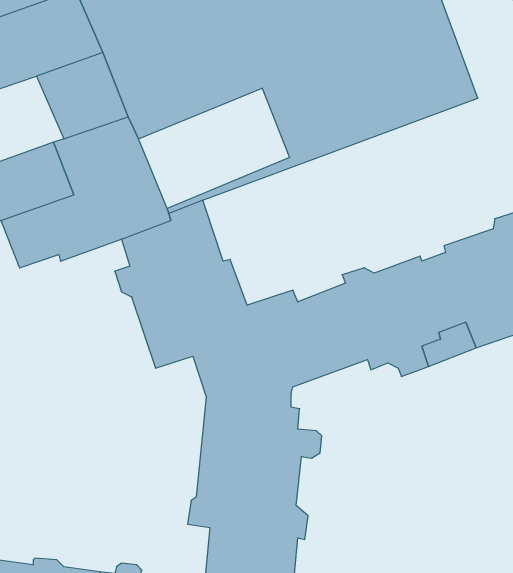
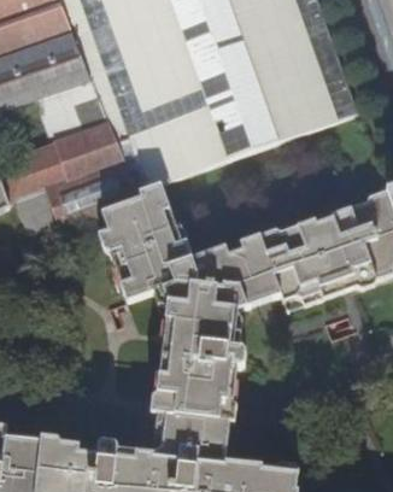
building: none -> [115,101,222,187]

